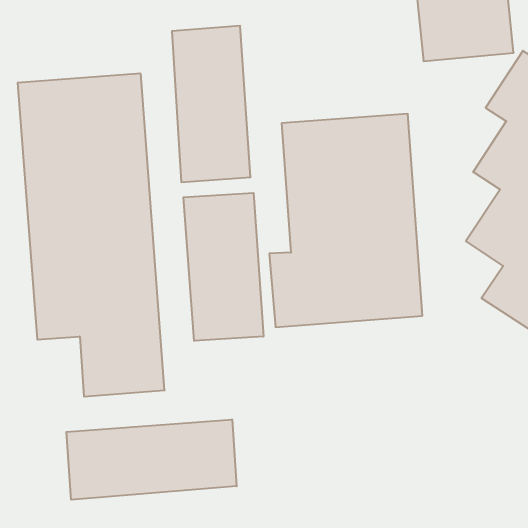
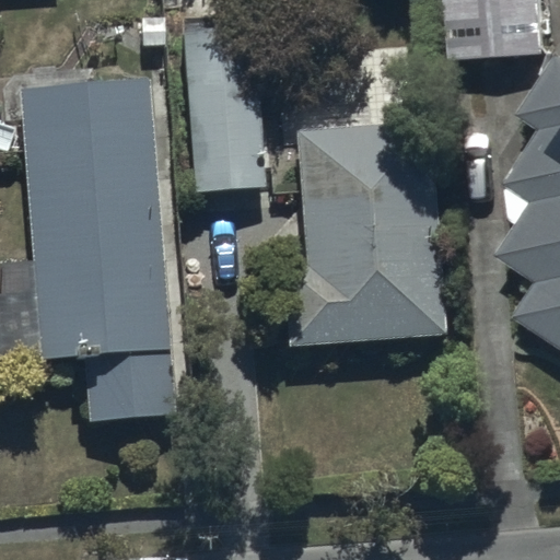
building: [183,193,263,341] -> none
building: [66,419,237,500] -> none

